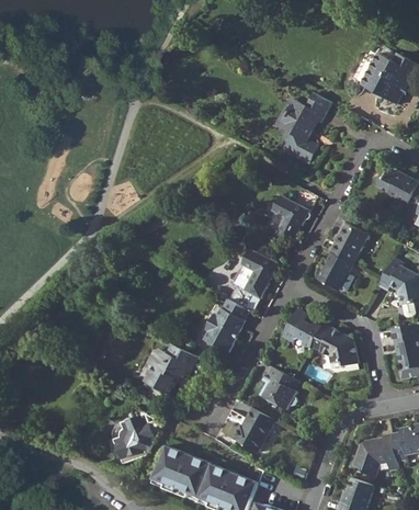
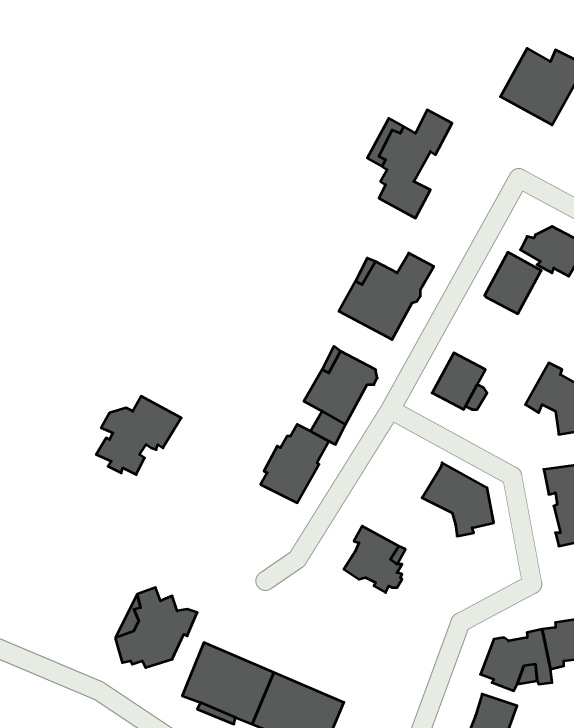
building: [330,223,367,263] -> [485,252,541,314]
building: [282,310,322,350] -> none
building: [143,342,199,394] -> [96,396,181,475]
building: [233,407,275,451] -> none

